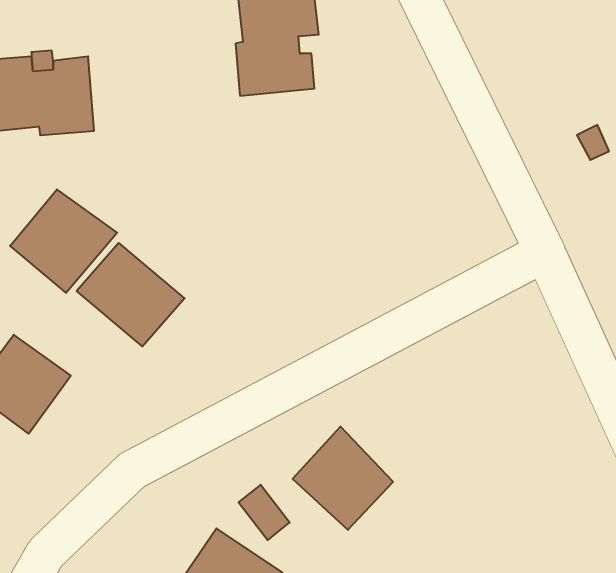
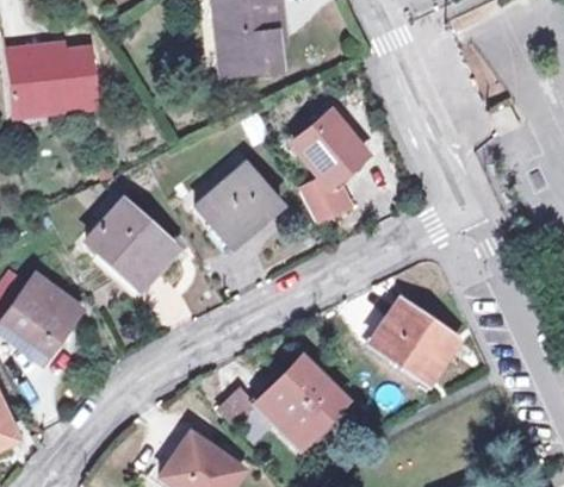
building: none -> [293,111,361,220]
building: [10,189,117,293] -> none
building: none -> [197,167,274,243]
building: none -> [376,299,459,376]

